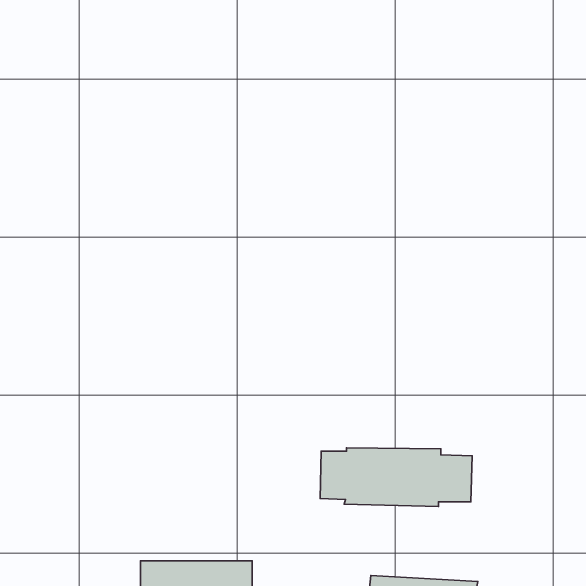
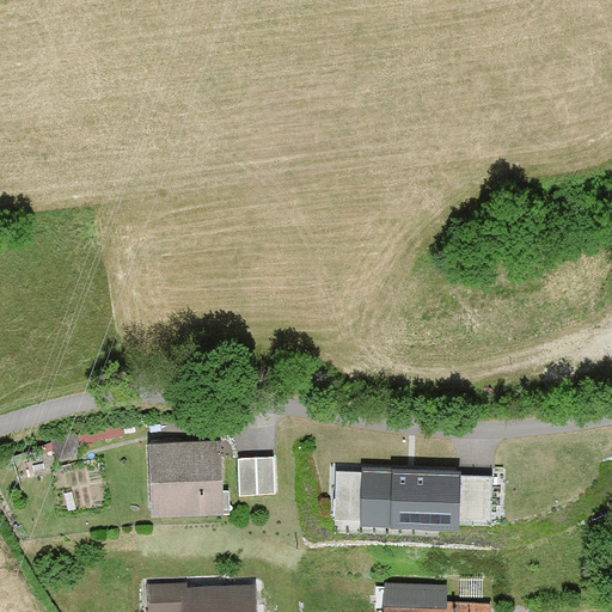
building: none -> [148,441,226,516]
building: none -> [237,452,276,489]

